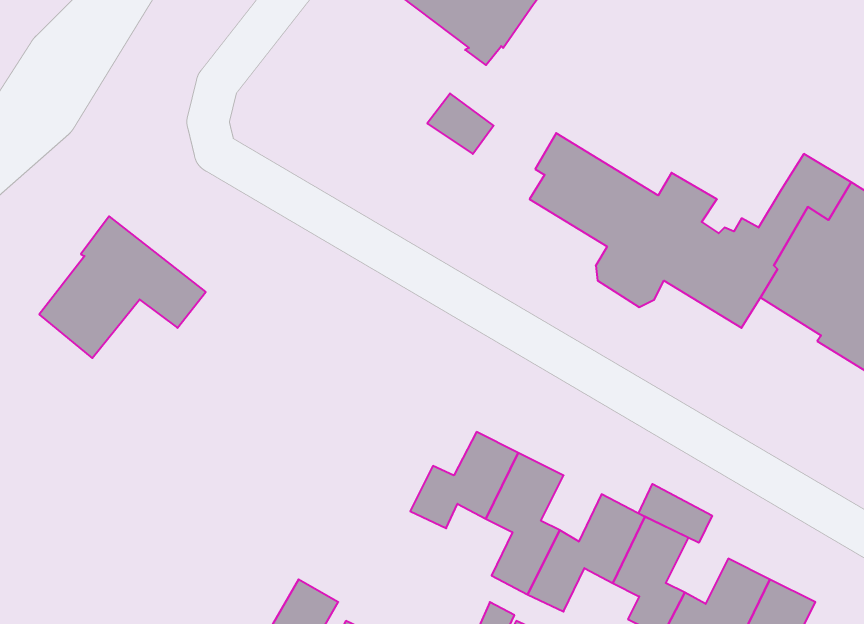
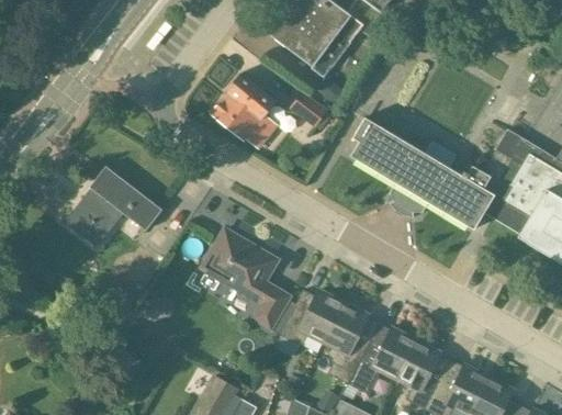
building: none -> [213,71,277,146]
building: none -> [202,228,290,328]
building: [638,484,712,543] -> none

